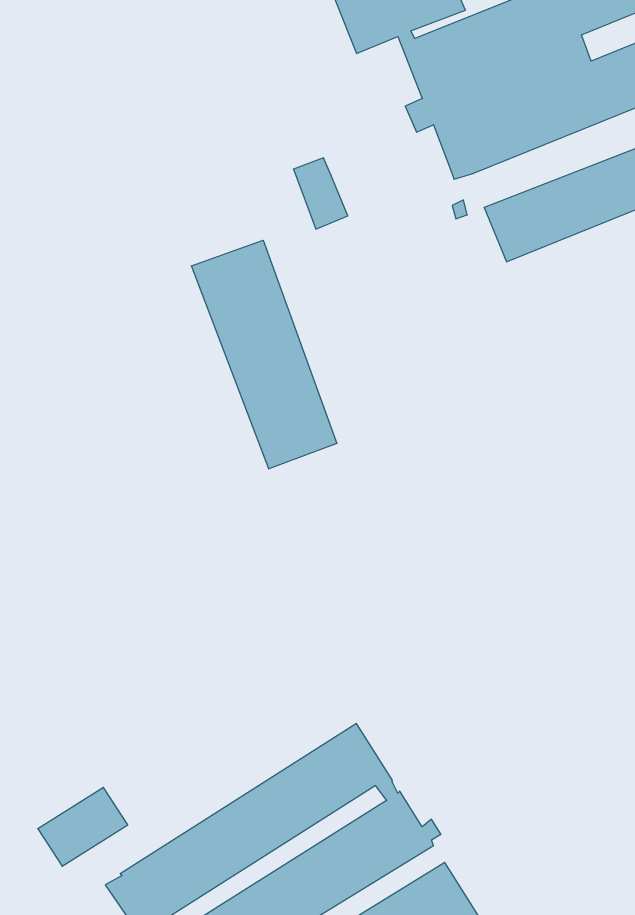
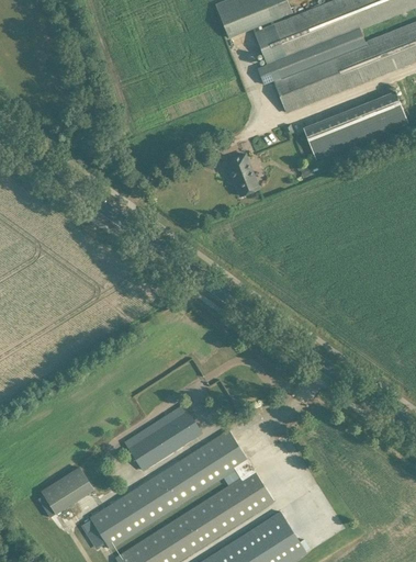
building: [293,158,348,229] -> [227,154,259,195]
building: [192,240,337,469] -> none
building: none -> [128,409,202,469]

